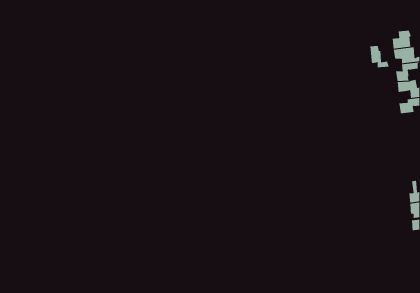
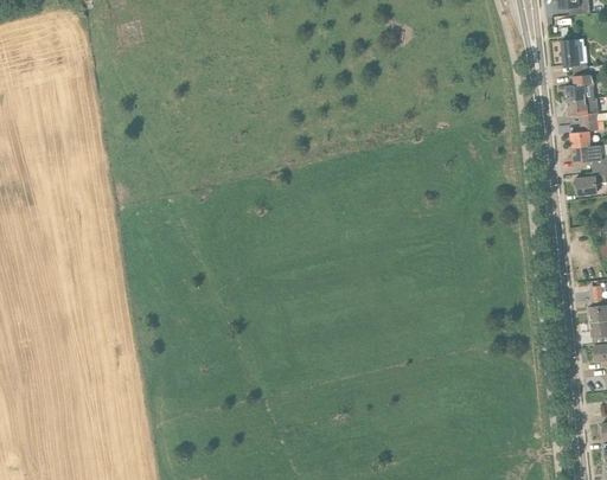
building: [369,45,389,68] -> [561,39,589,71]

